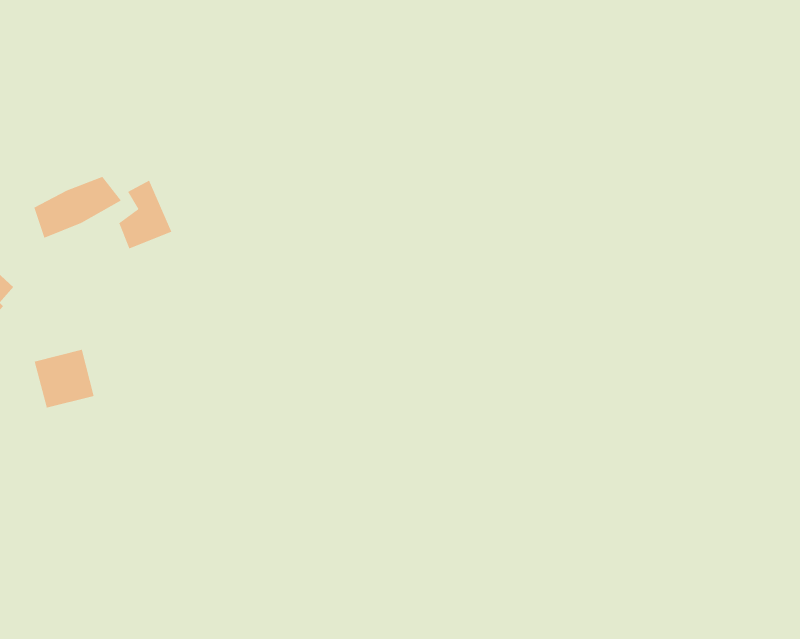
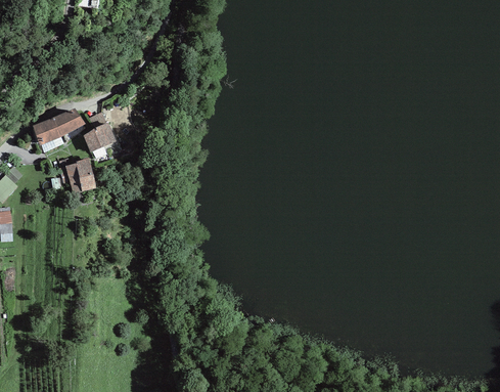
building: [34,349,95,408] -> [59,161,95,195]

